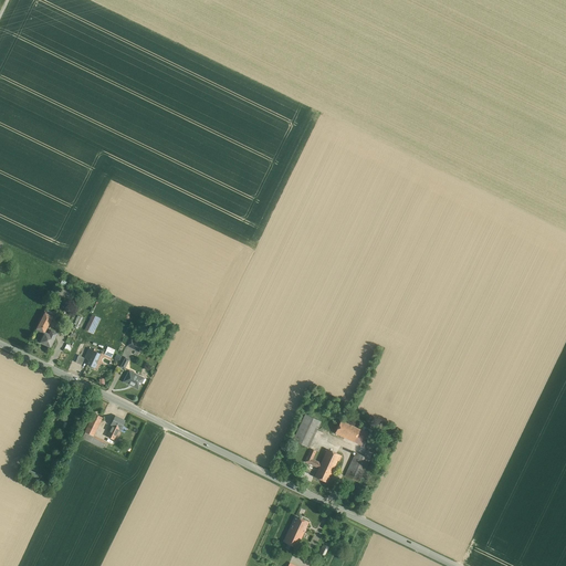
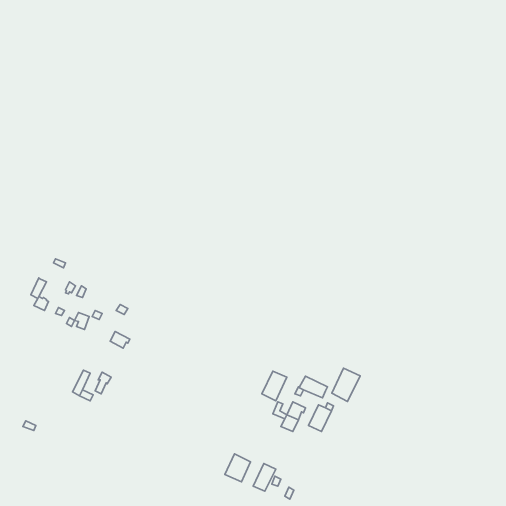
building: none -> [332,368,360,401]
building: none -> [225,454,251,482]

